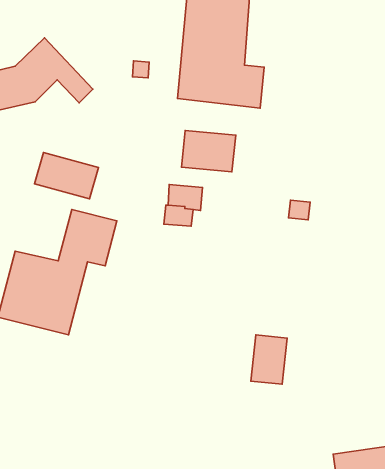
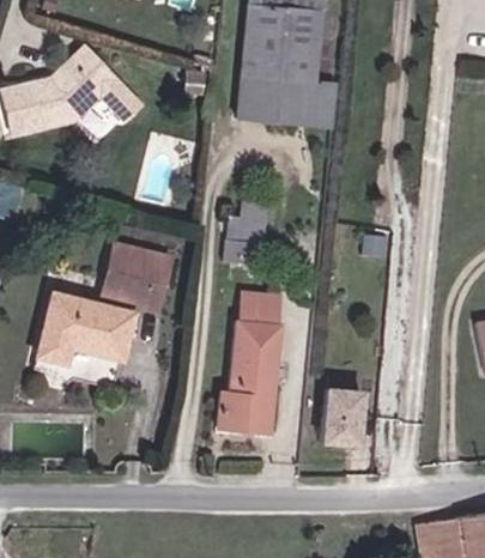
building: [181,130,236,172] -> none
building: [34,153,99,199] -> none
building: none -> [218,292,279,429]

